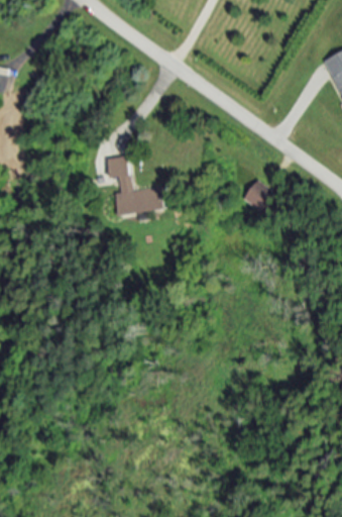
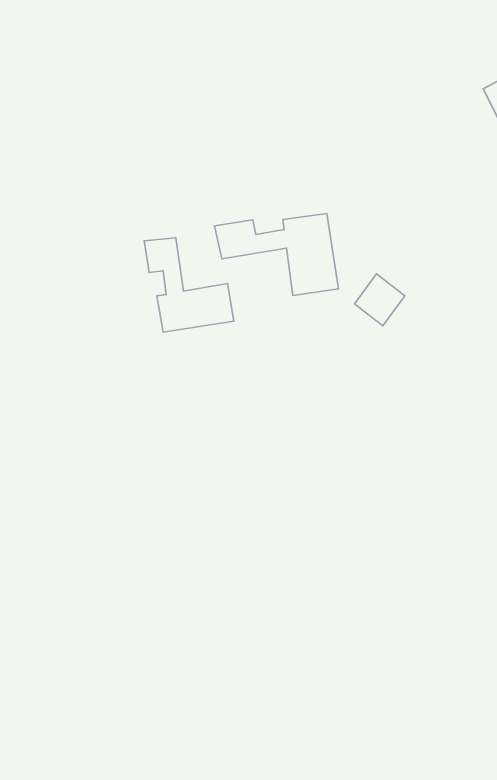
building: none -> [215,213,339,295]

